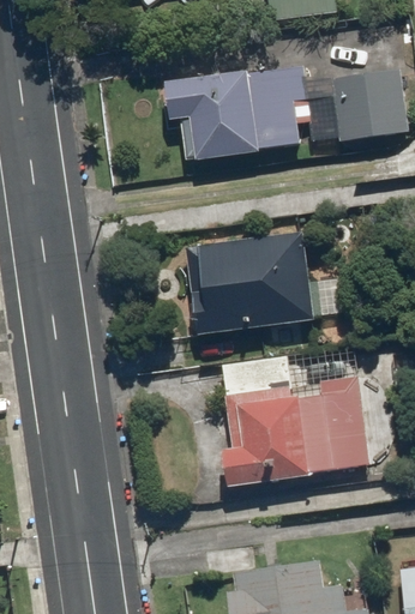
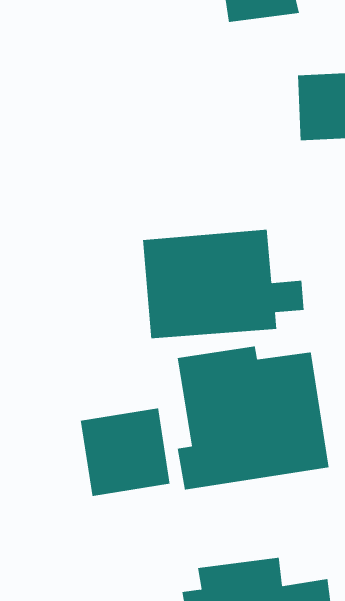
building: [151,68,309,163] -> none
building: none -> [80,407,170,497]

